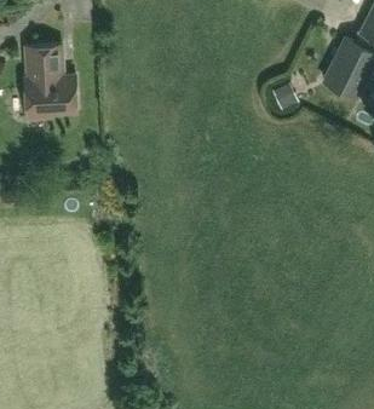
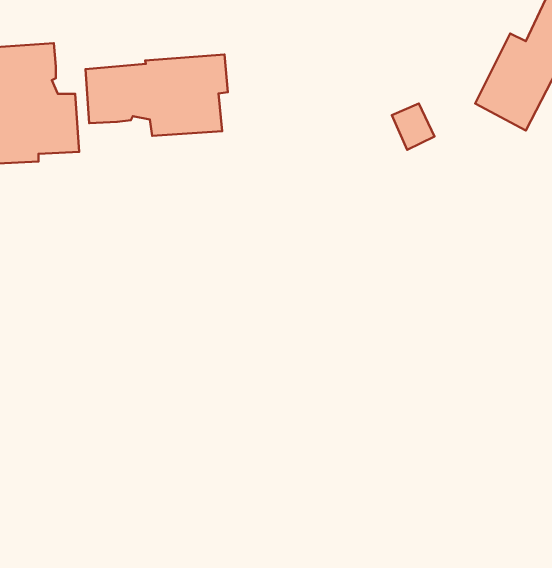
building: none -> [86,55,228,136]

